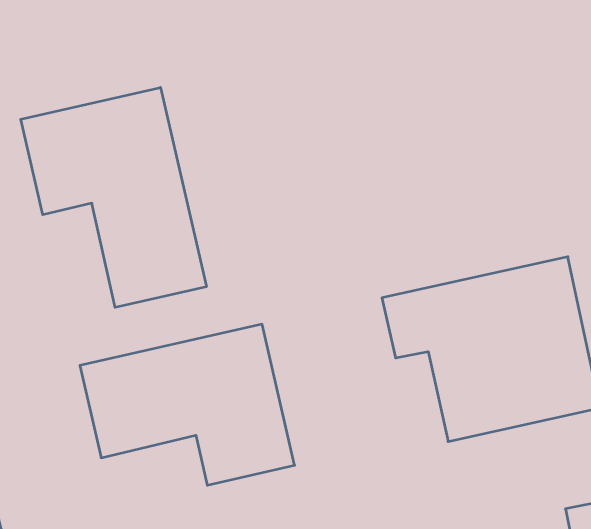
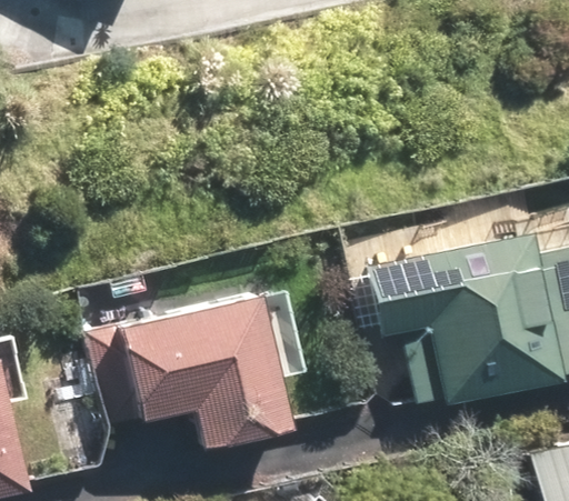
building: [21,87,206,307] -> none

